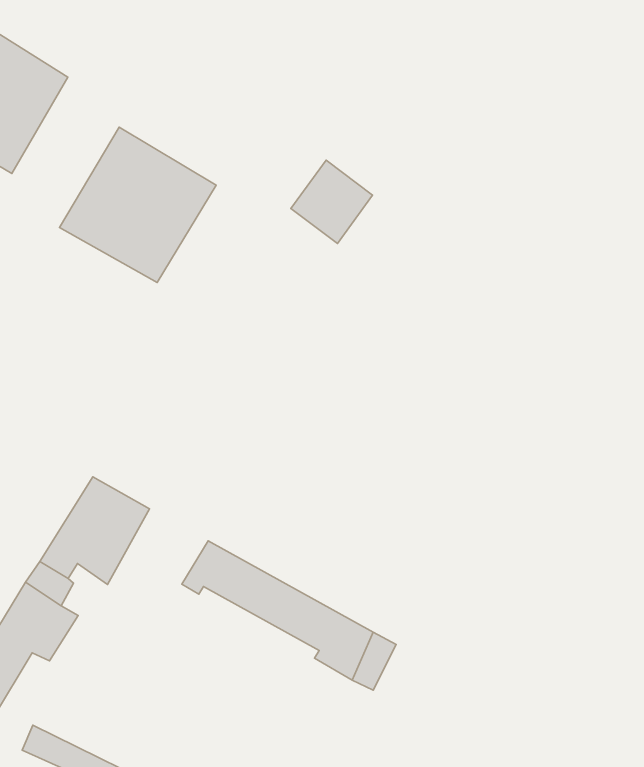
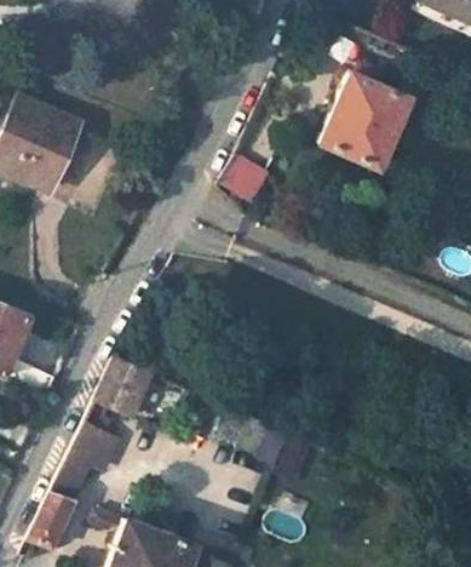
building: none -> [317,64,406,171]
building: [60,127,216,283] -> none

